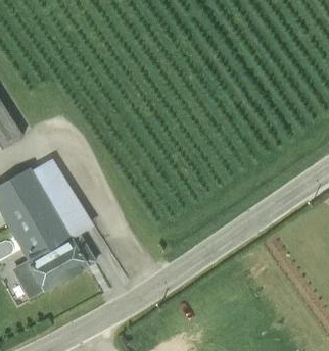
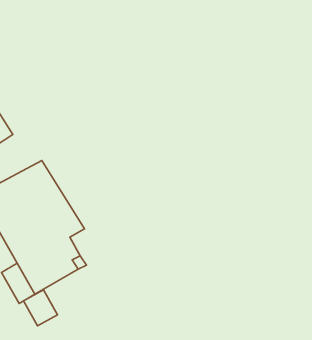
building: none -> [24,290,58,326]

